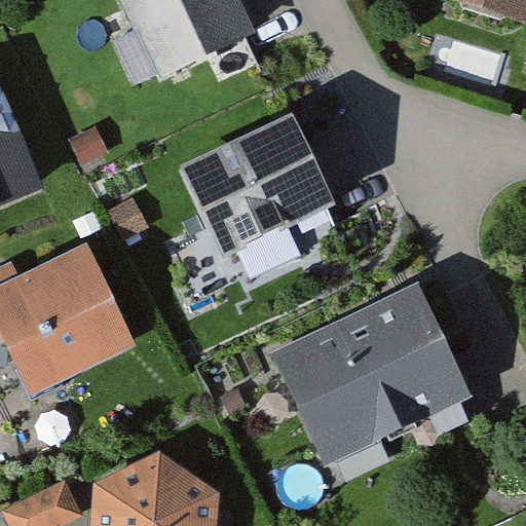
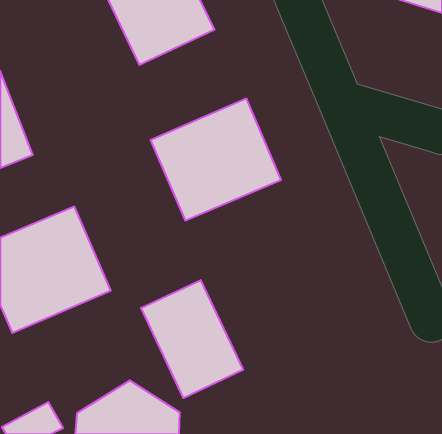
building: [279,286,469,463] -> none
building: none -> [141,280,243,398]

